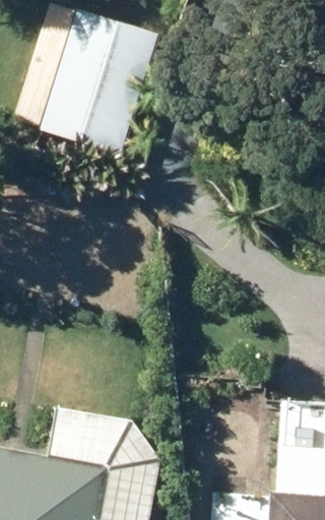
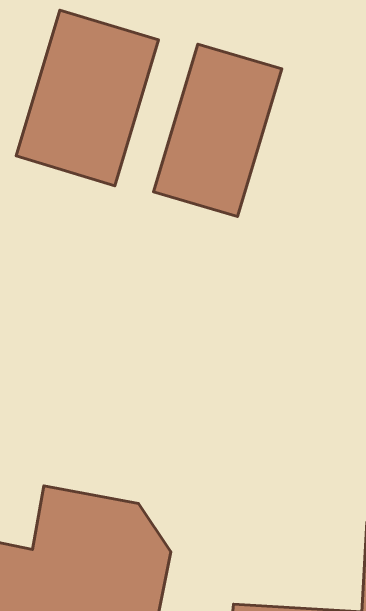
building: none -> [154,44,282,217]

